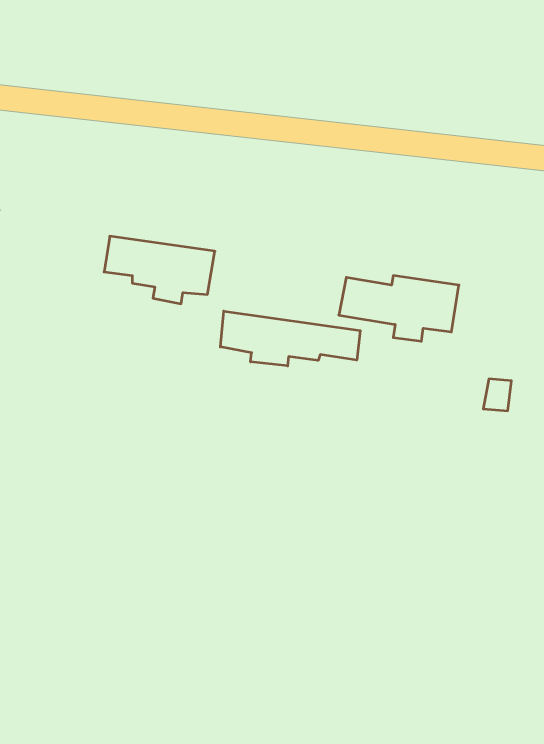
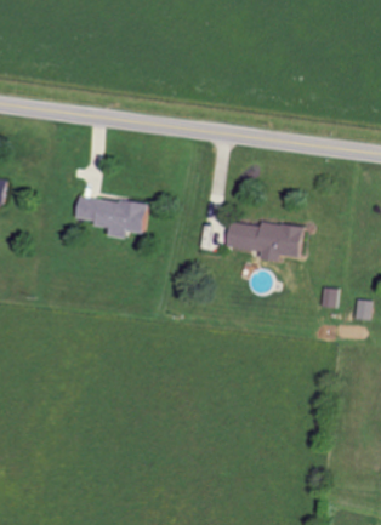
building: [220,311,360,366] -> none

